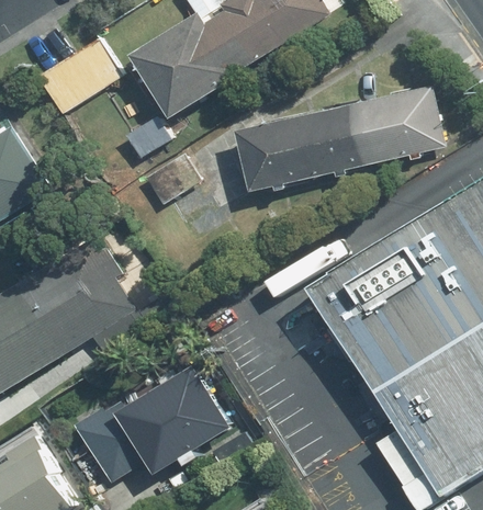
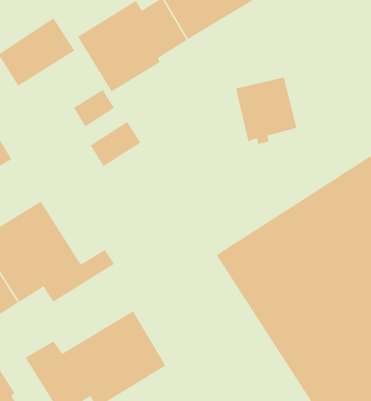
building: [363,84,447,159] -> none
building: [235,114,322,191] -> none

